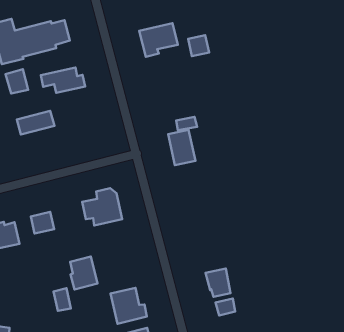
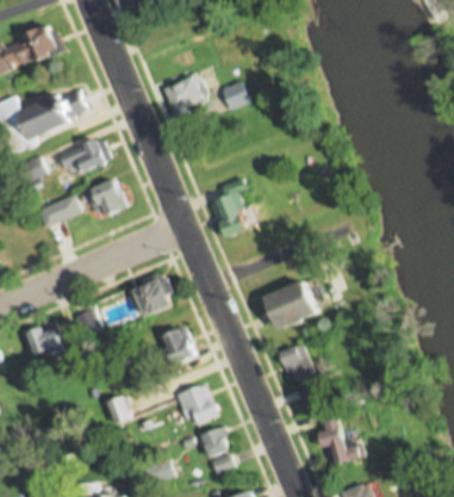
building: none -> [86,178,130,216]
building: none -> [262,282,319,329]
building: [70,256,97,290] -> [162,325,197,366]

